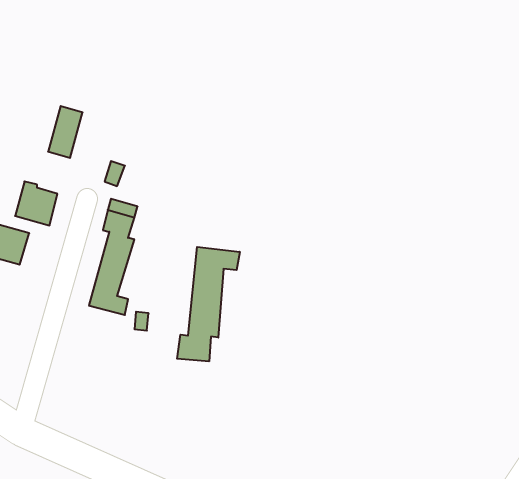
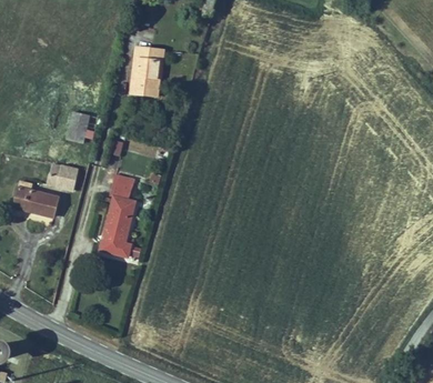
building: none -> [128,47,165,95]
building: [177,247,240,361] -> none

